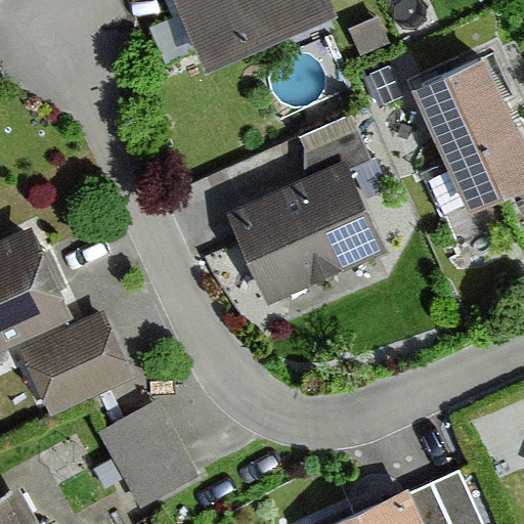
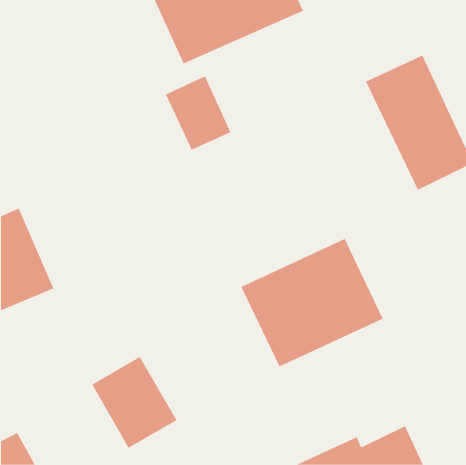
building: none -> [165,76,231,151]
building: [223,165,383,309] -> [241,238,383,367]
building: [23,324,124,416] -> none

